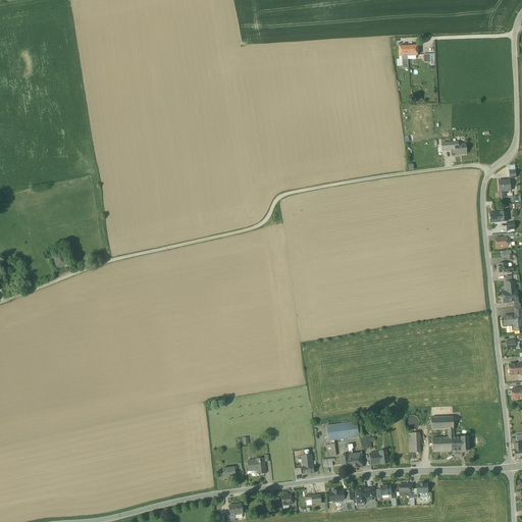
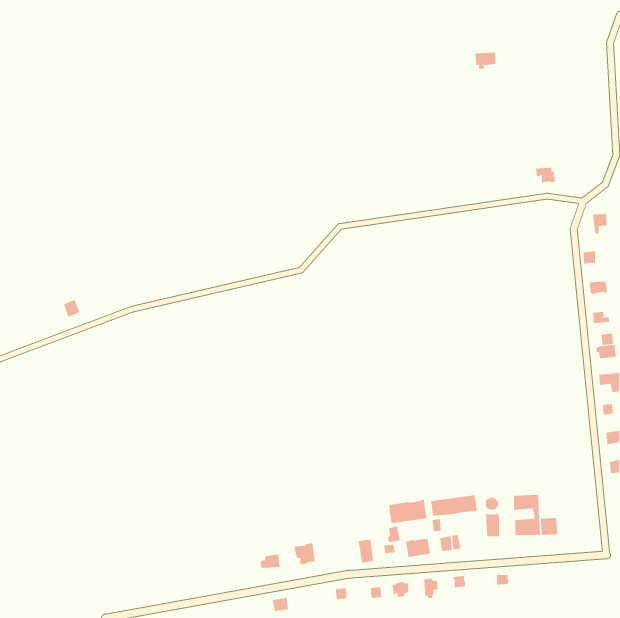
building: none -> [431,495,477,516]

